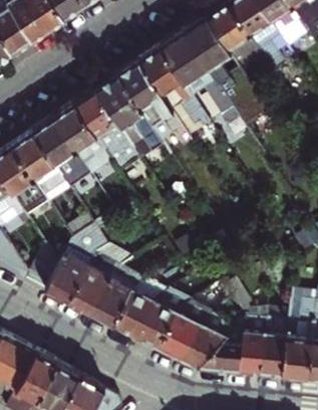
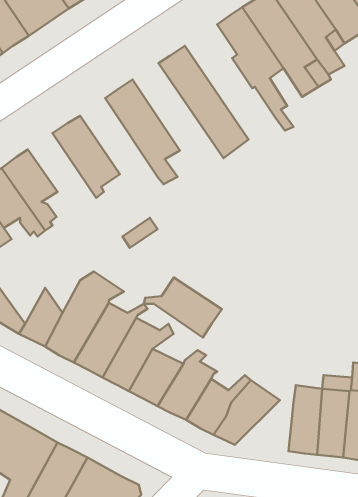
building: [157,27,230,106] -> none
building: [115,58,191,143] -> none
building: [73,86,135,163] -> none
building: [31,115,86,176] -> none
building: none -> [144,278,222,337]
building: [198,330,245,371] -> none

